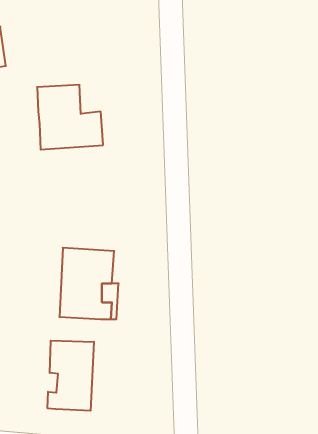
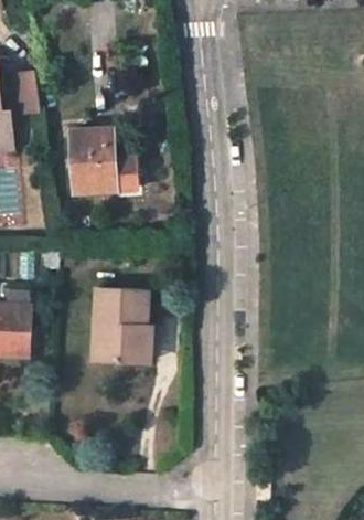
building: [48,341,94,411] -> none

